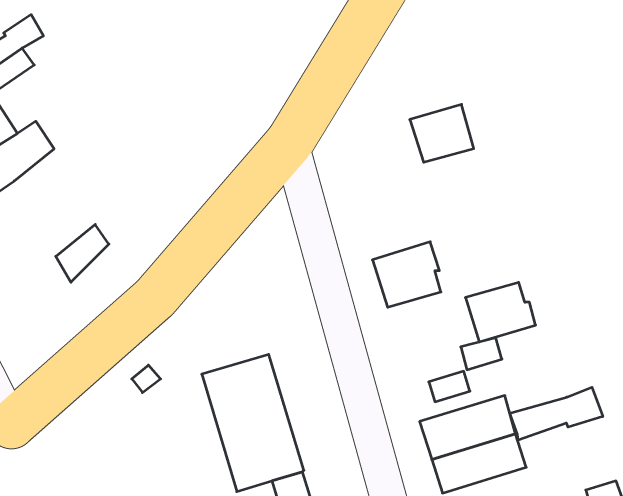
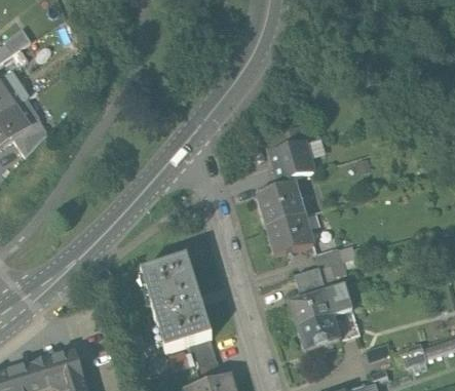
building: [410,104,474,162] -> [269,139,312,178]
building: [56,224,109,282] -> [14,118,50,157]
building: [465,282,536,342] -> [266,214,313,255]
building: [510,387,603,440] -> none

